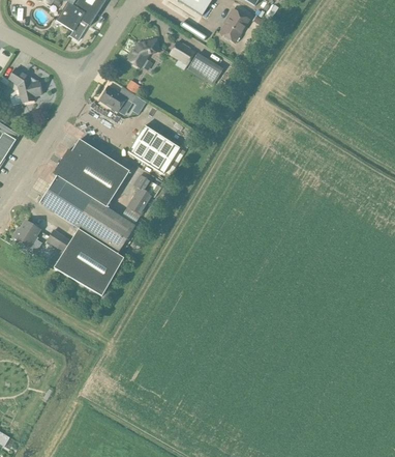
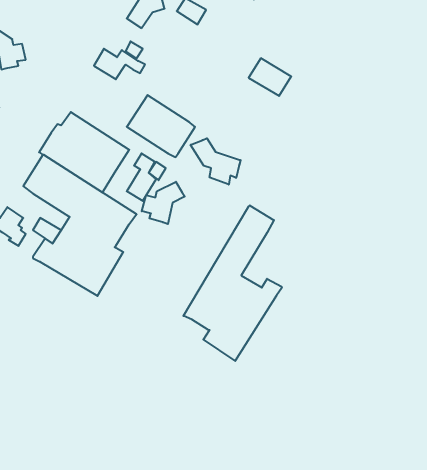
building: [187,52,223,84] -> [249,58,291,96]
building: none -> [191,138,241,185]
building: none -> [142,182,185,224]
building: none -> [183,205,282,361]

